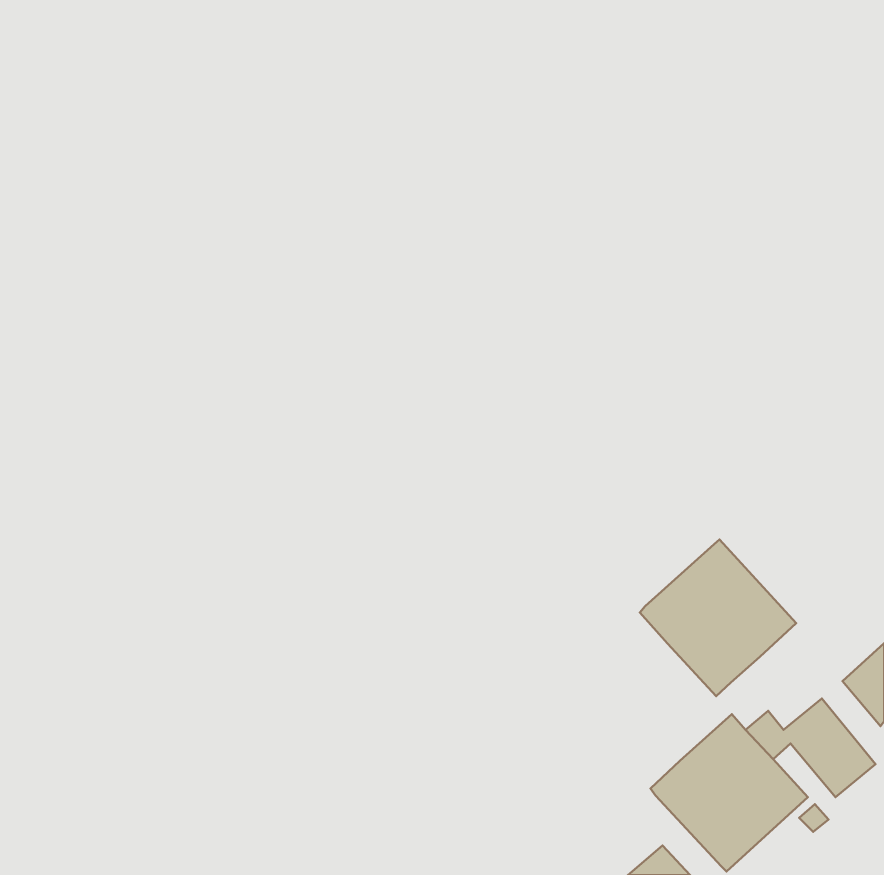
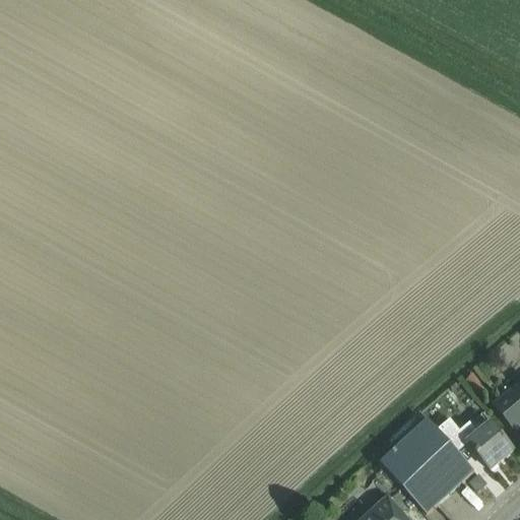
building: [640,540,796,696] -> none

